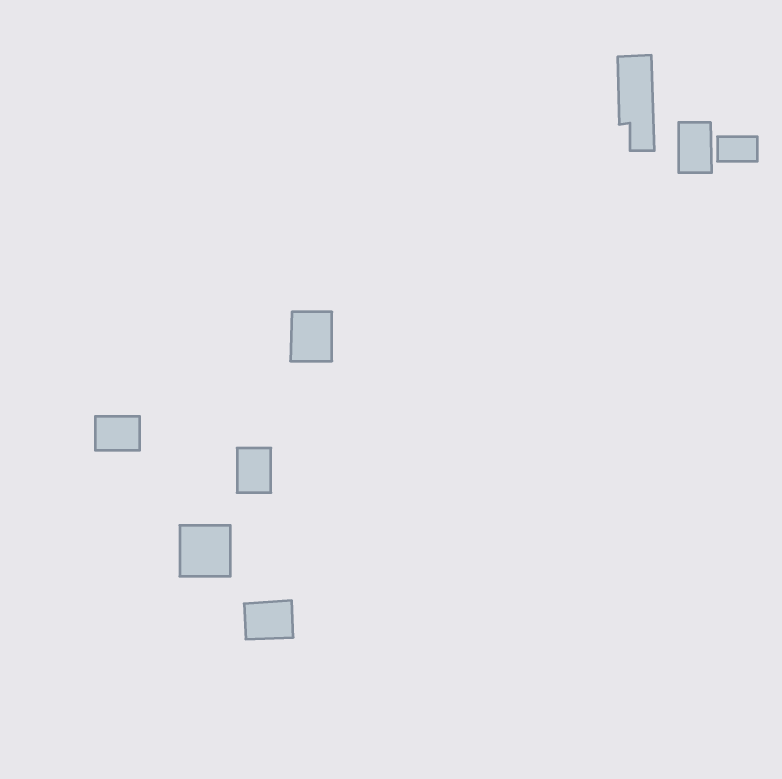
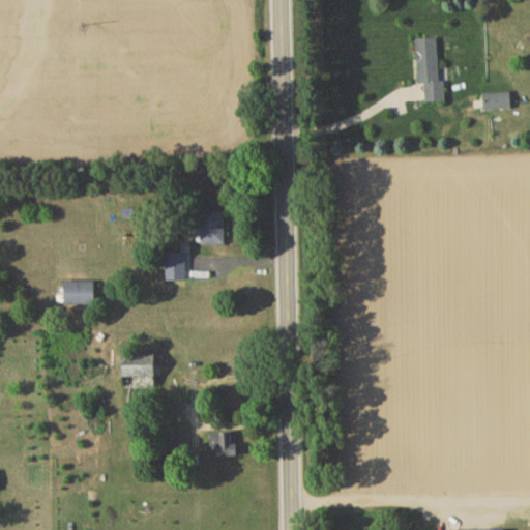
building: [679,122,712,173] -> none
building: [237,448,271,493] -> [164,248,186,278]
building: [244,601,293,639] -> [204,431,237,457]

